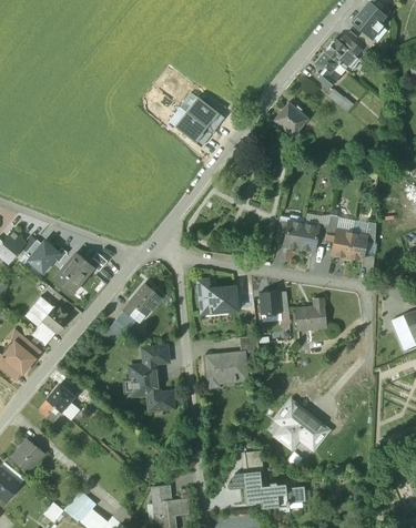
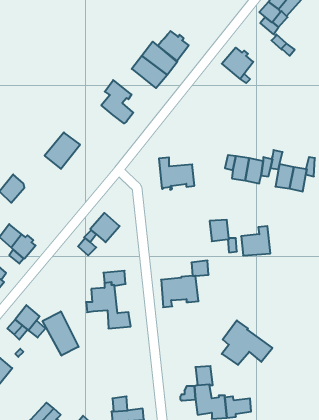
building: none -> [158,31,189,61]
building: none -> [101,80,133,123]
building: [54,253,93,293] -> [45,132,80,169]
building: [197,278,236,314] -> [159,157,194,190]
building: none -> [43,311,79,356]

